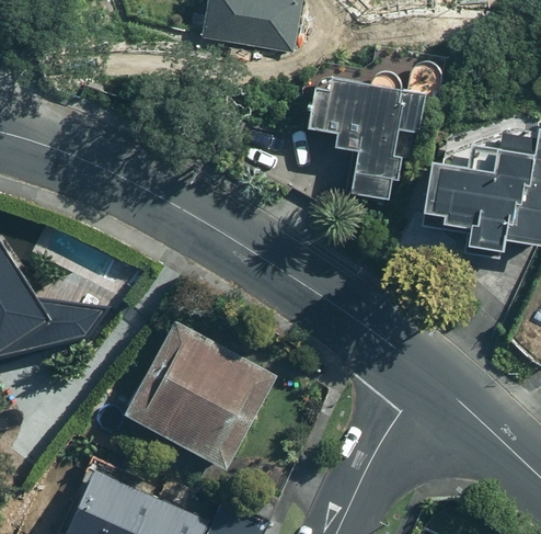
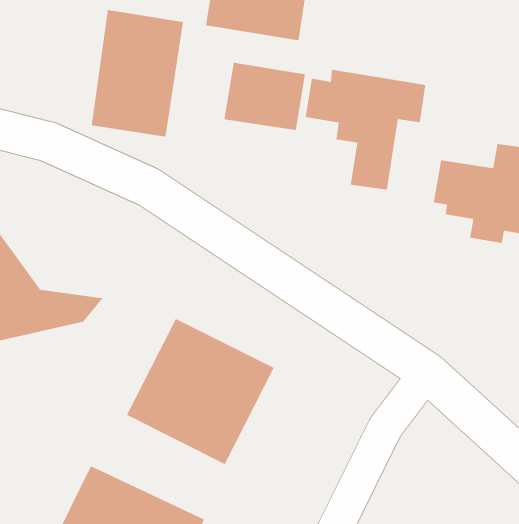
building: none -> [91,9,184,137]
building: none -> [223,62,306,131]

